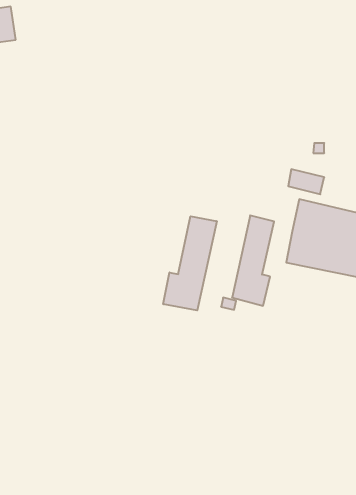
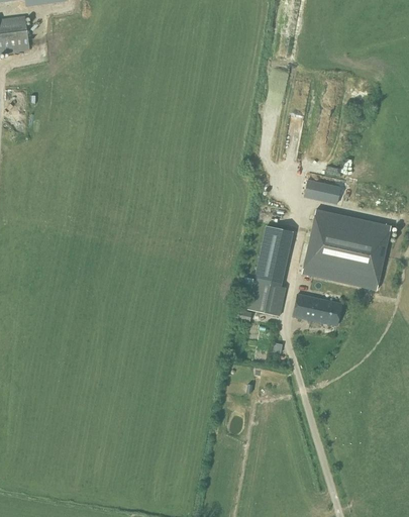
building: [163,216,217,310] -> none
building: none -> [293,293,342,325]

